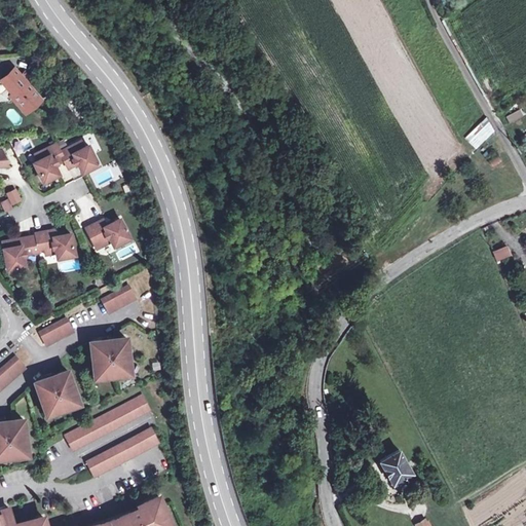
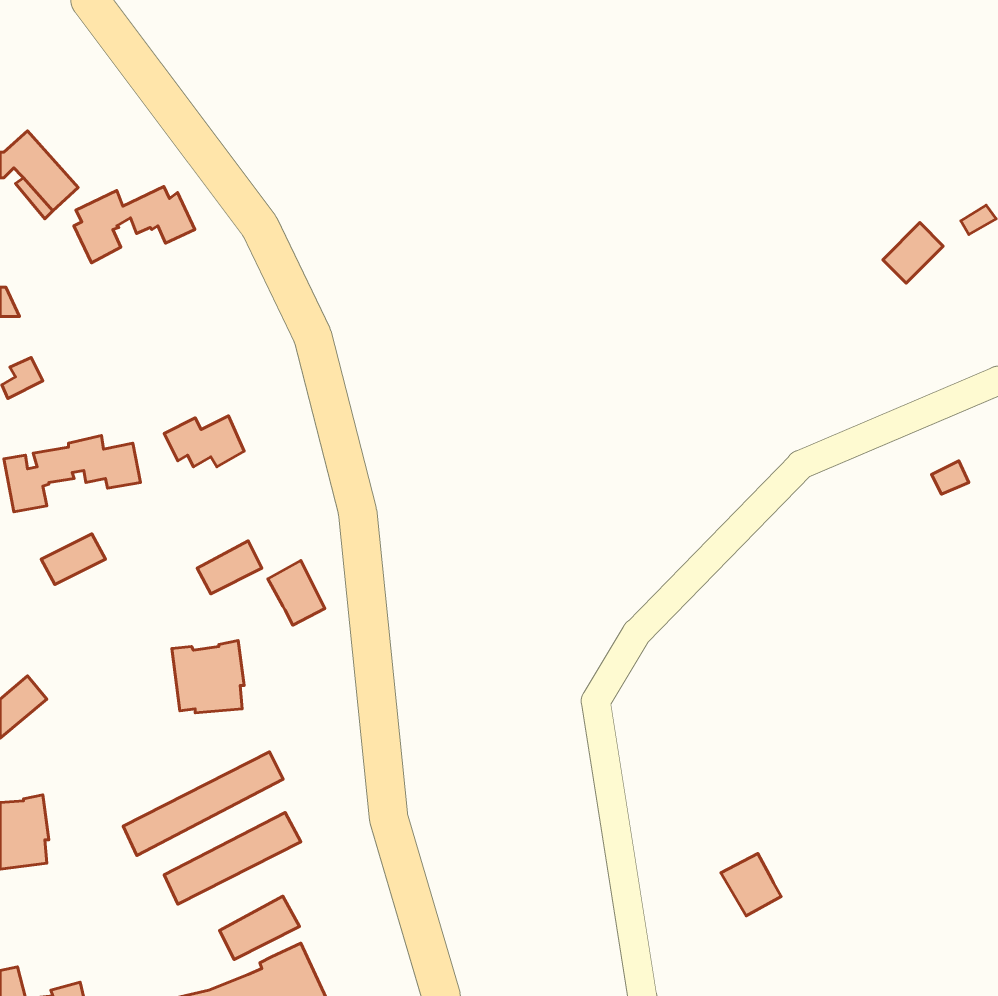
building: [34,143,98,183] -> [74,187,195,263]
building: none -> [268,561,325,625]
building: [41,318,75,345] -> [41,534,106,585]
building: [35,372,77,412] -> none
building: none -> [219,896,299,960]

